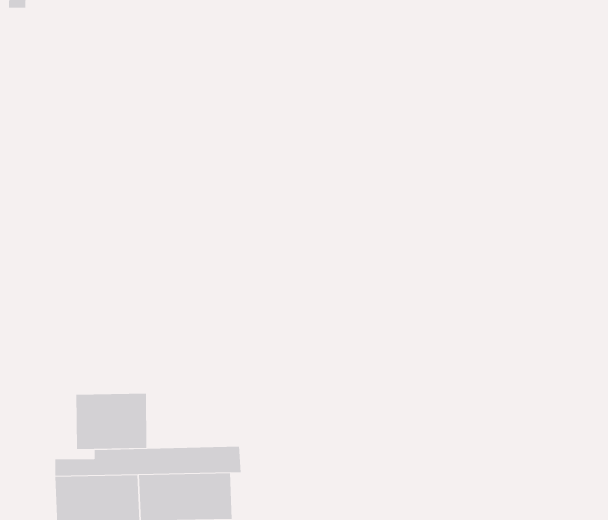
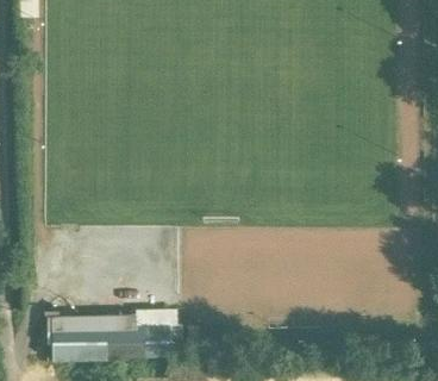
building: [76,393,147,450] -> none

